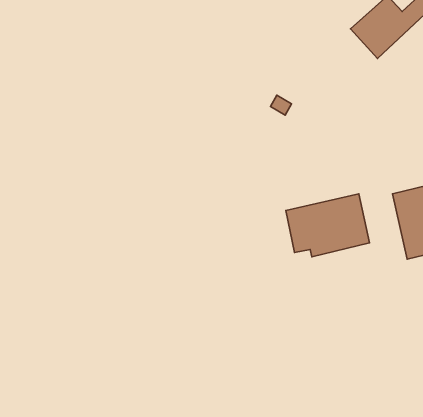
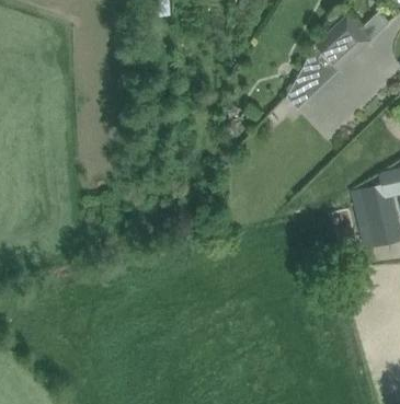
building: [286,194,370,257] -> none

